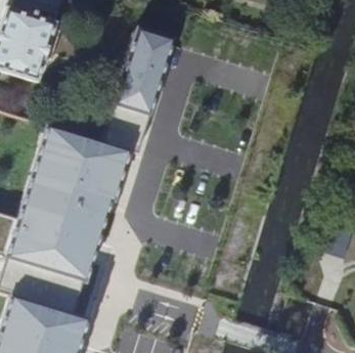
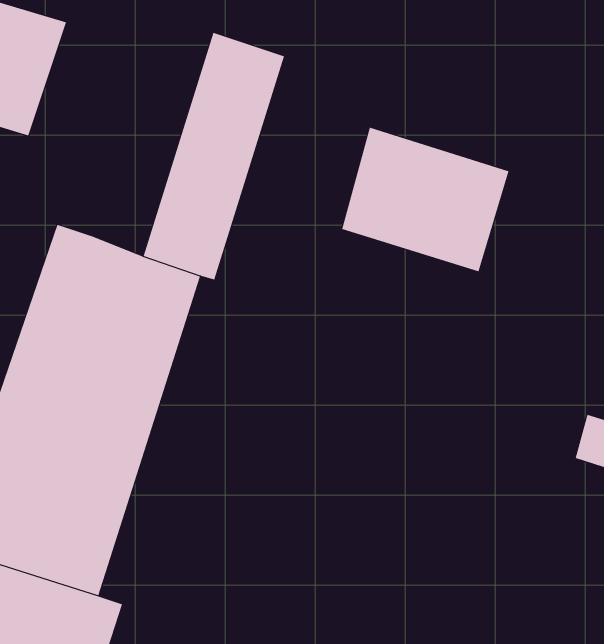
building: none -> [341,127,509,272]

